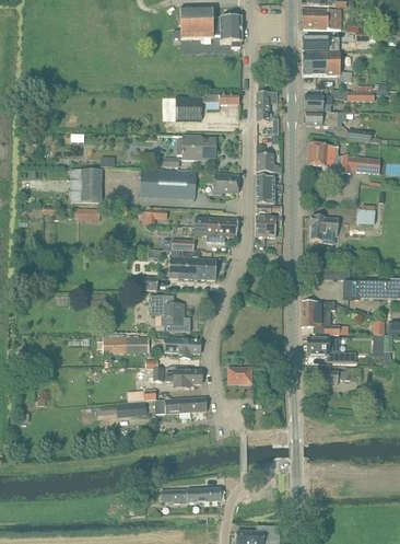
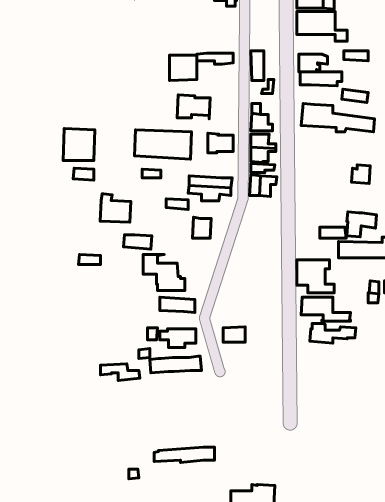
building: [310,215,340,240] -> [347,212,376,237]
building: [169,250,200,278] -> [100,194,131,222]
building: [104,336,149,351] -> none

